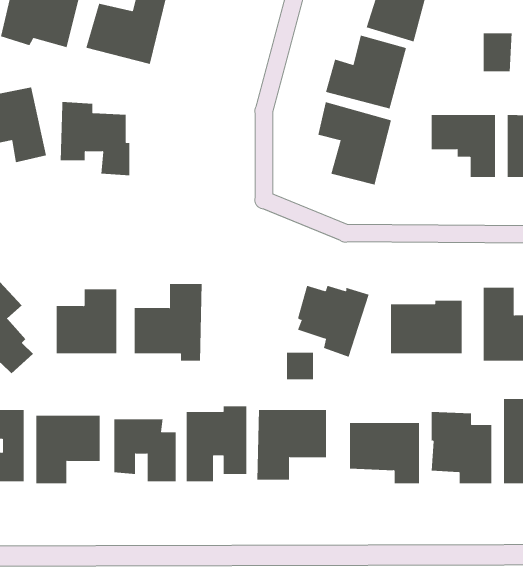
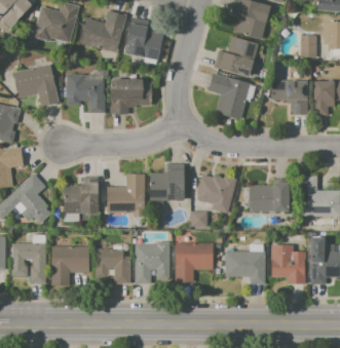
building: none -> [124,24,162,60]
building: none -> [110,78,150,115]
building: none -> [150,169,184,201]

